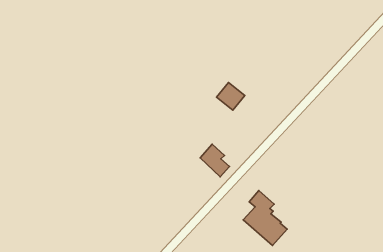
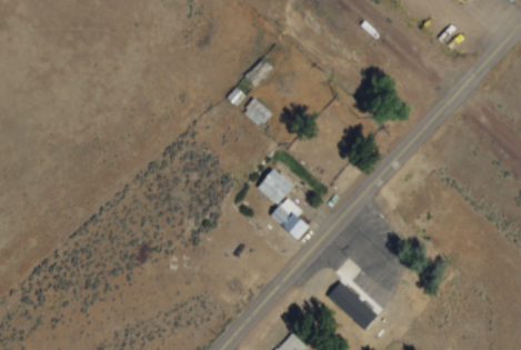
building: [216,83,245,110] -> [256,168,292,203]

